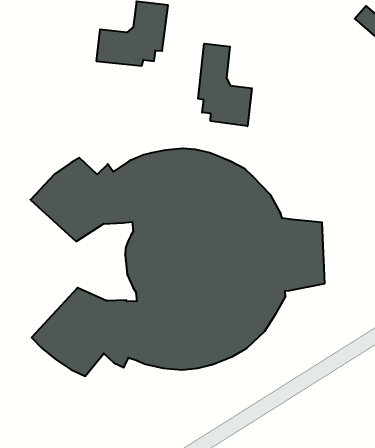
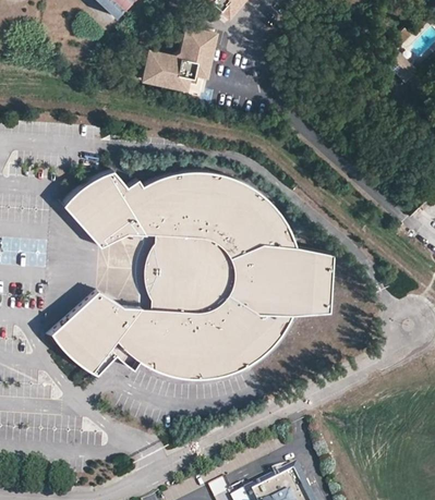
building: [198,44,252,126] -> none

